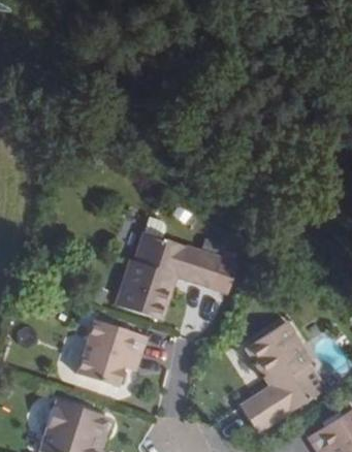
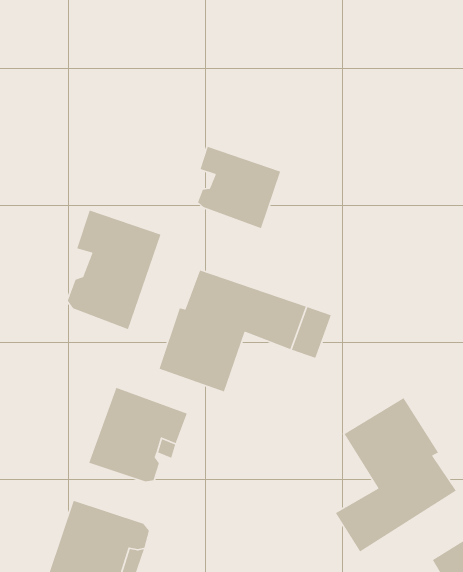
building: none -> [197,146,281,229]
building: none -> [67,210,161,330]

